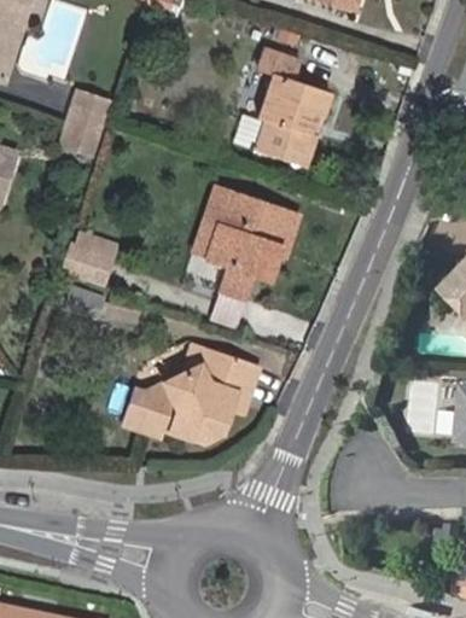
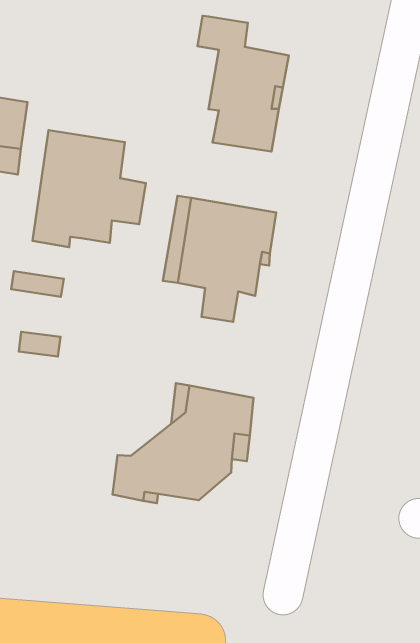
building: none -> [32,130,146,247]
building: [62,247,110,286] -> none

